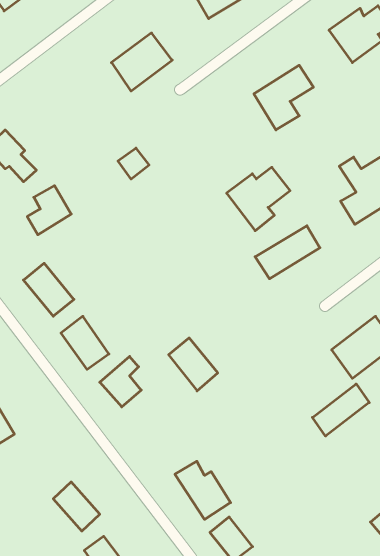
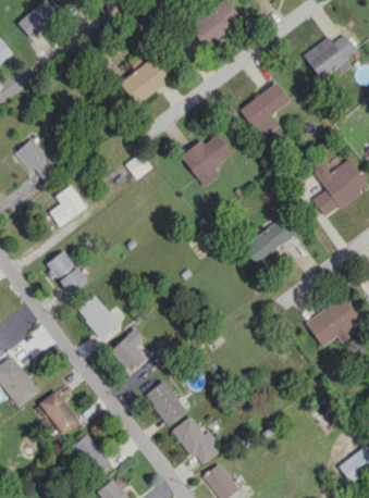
building: [227,167,290,231] -> [180,134,233,187]
building: [169,338,218,391] -> [145,381,186,425]
building: [312,384,369,436] -> none
building: none -> [37,390,79,436]

